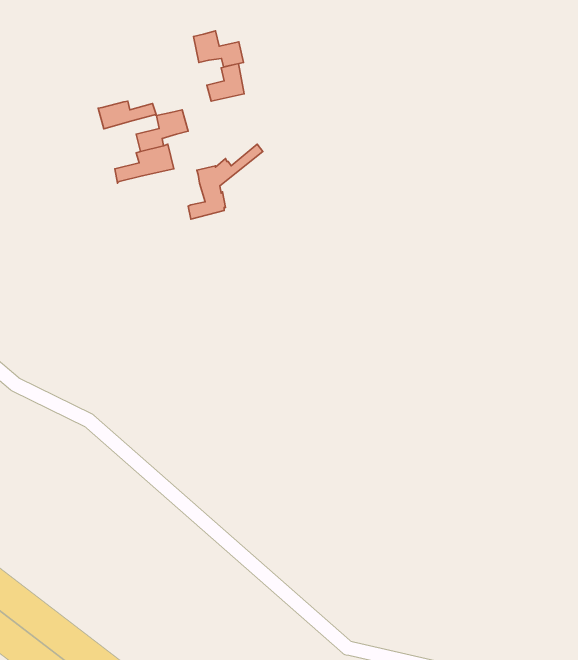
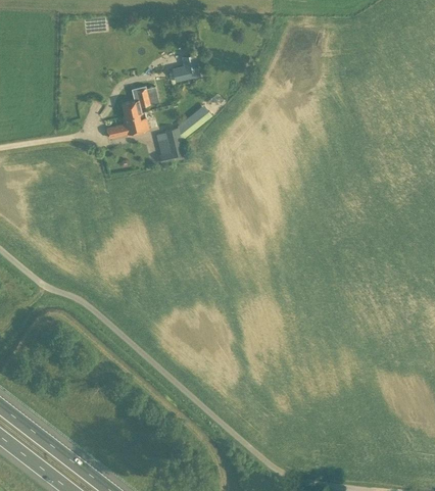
building: [193,31,243,67] -> none
building: [98,101,156,129] -> none

